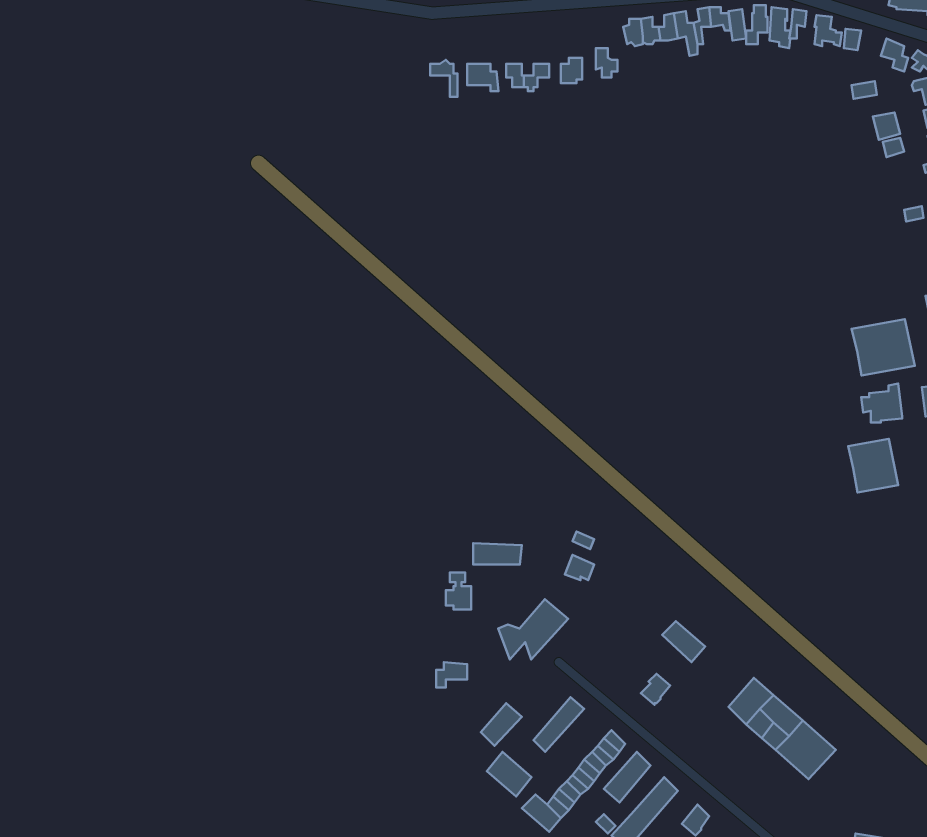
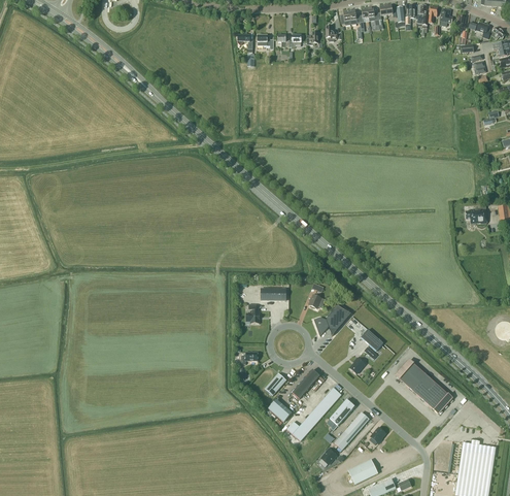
building: [852,319,915,376] -> none
building: [848,439,898,492] -> none
building: [498,599,568,660] -> [314,303,351,335]

